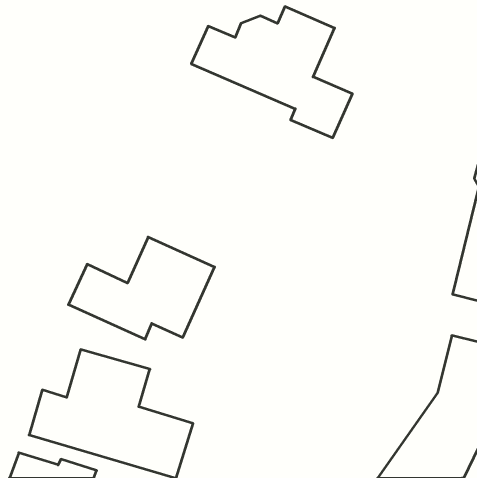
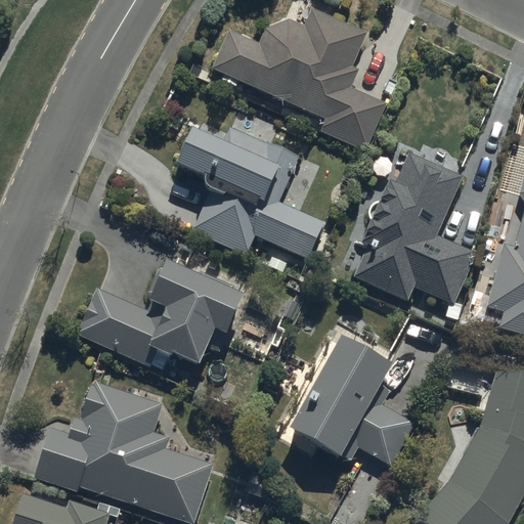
building: none -> [171,126,325,260]
building: none -> [354,151,476,304]
building: none -> [283,334,414,467]

